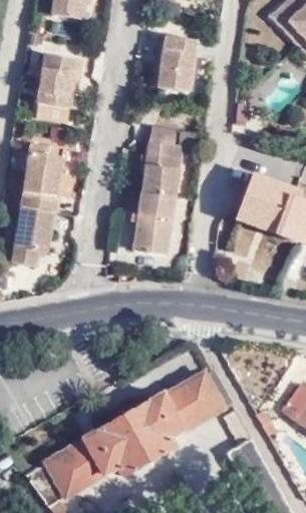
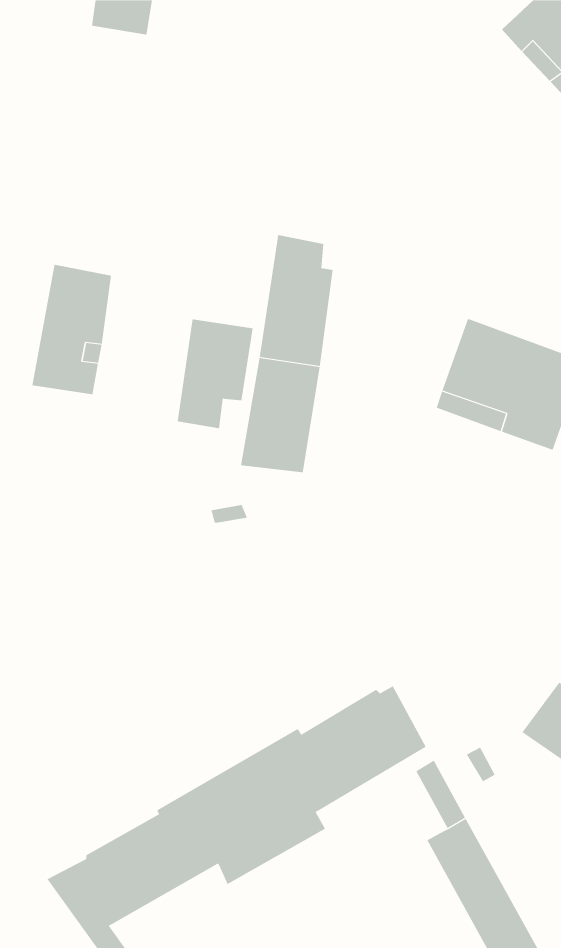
building: [159,37,198,94] -> none
building: [34,55,76,124] -> none
building: [11,209,52,269] -> [177,319,253,429]

